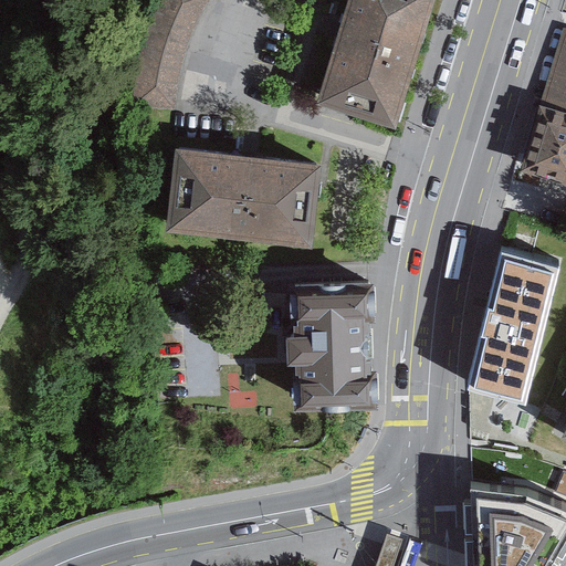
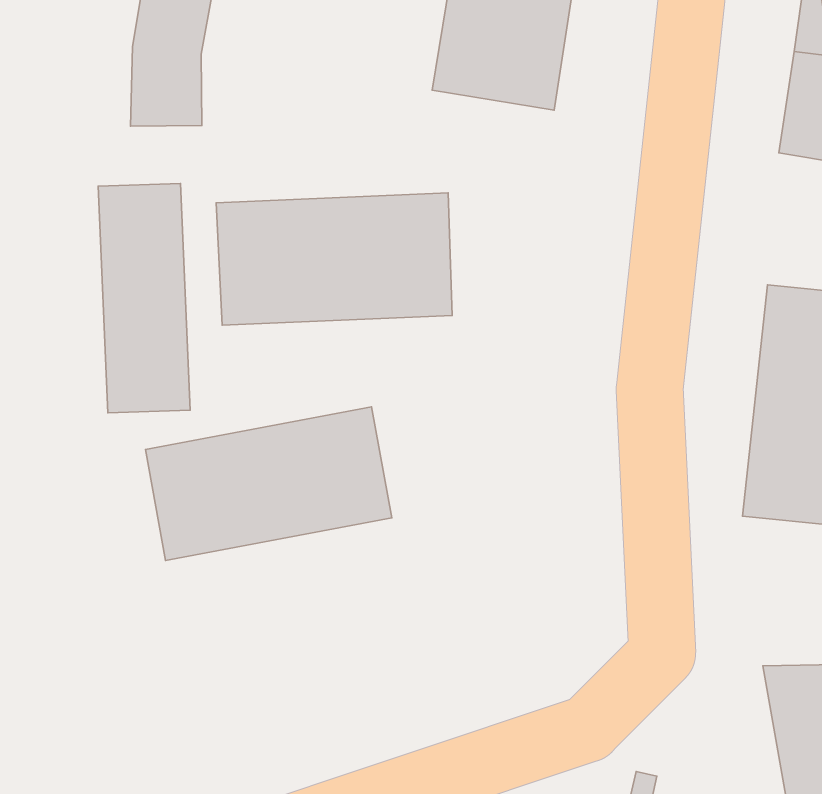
building: none -> [98,184,190,413]
building: none -> [145,407,392,561]
building: [294,290,369,402] -> none

